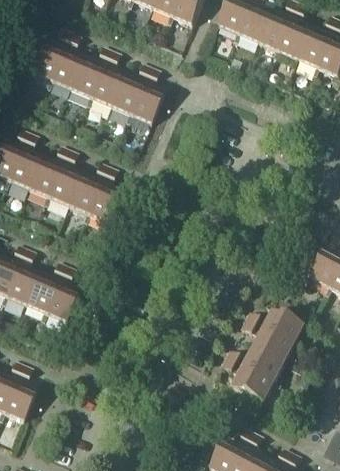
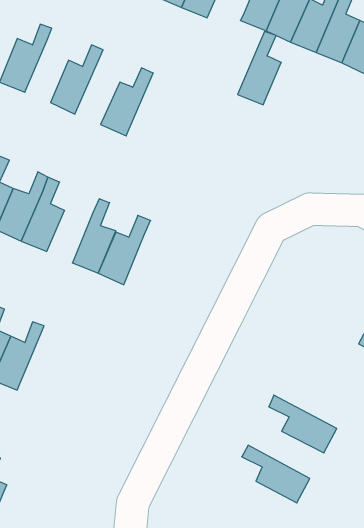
building: [50,32,84,90] -> none
building: [89,49,124,107] -> none
building: [129,67,163,124] -> [238,32,281,105]
building: [67,161,108,215] -> [98,215,151,285]
building: [44,264,79,323] -> none
building: [244,308,303,344] -> none
building: [224,346,283,383] -> none

